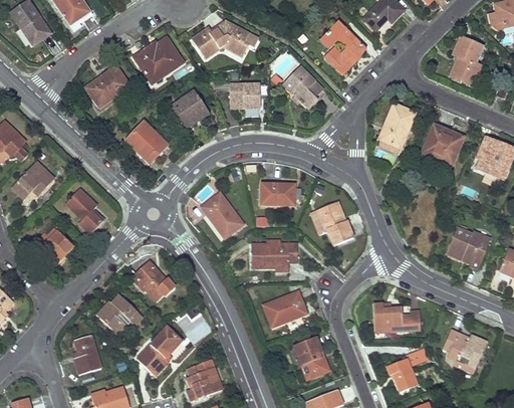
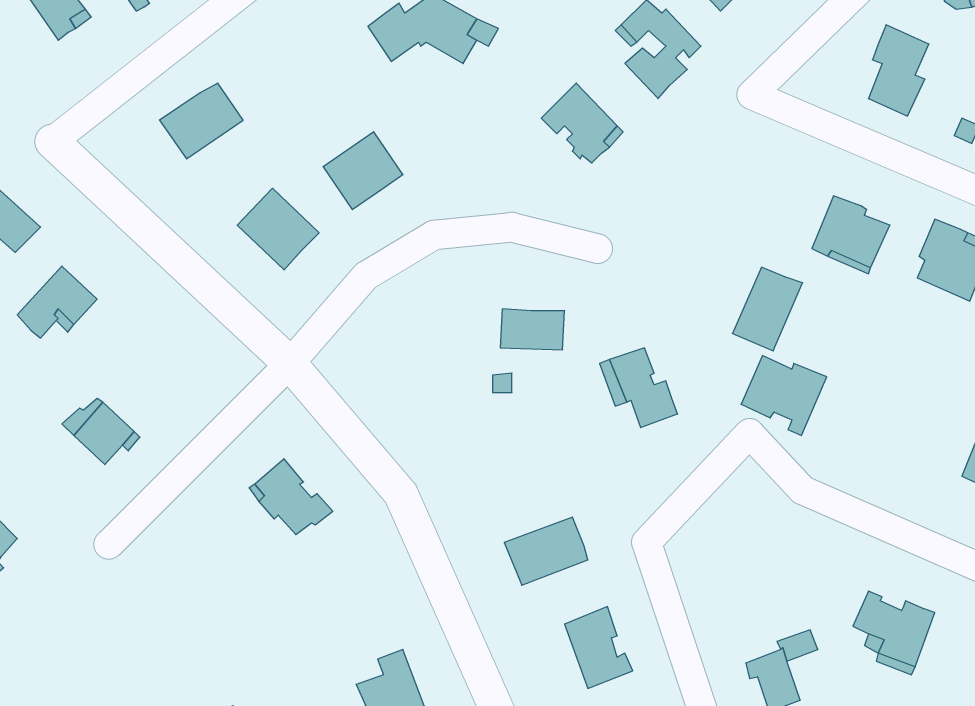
building: [135,37,182,79] -> none
building: [229,87,260,113] -> none
building: [378,104,415,147] -> [732,267,803,351]
building: [65,188,103,234] -> none
building: [201,192,243,237] -> none
building: [446,227,490,268] -> [741,356,827,435]
building: [252,243,297,267] -> none
building: [96,294,143,334] -> none
building: [373,303,420,332] -> none
building: [138,328,181,374] -> none
building: [74,336,100,374] -> none

